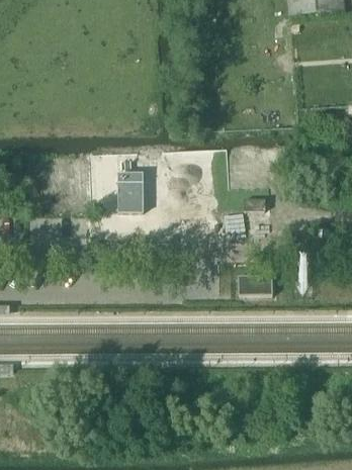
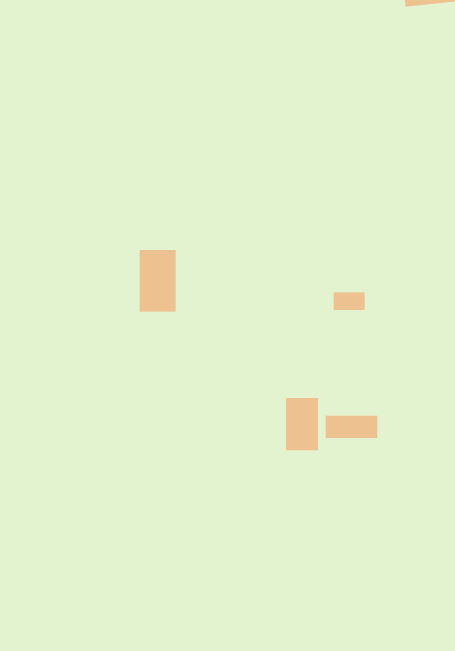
building: none -> [285,397,318,451]

